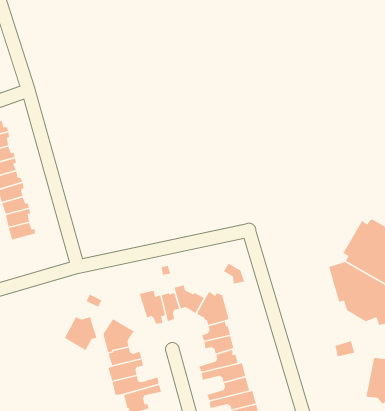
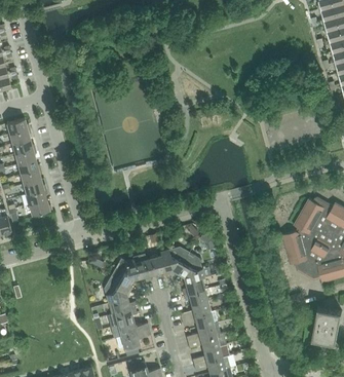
building: [64,316,97,351] -> [112,260,139,288]

